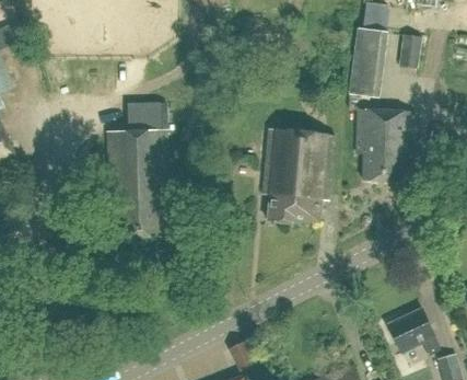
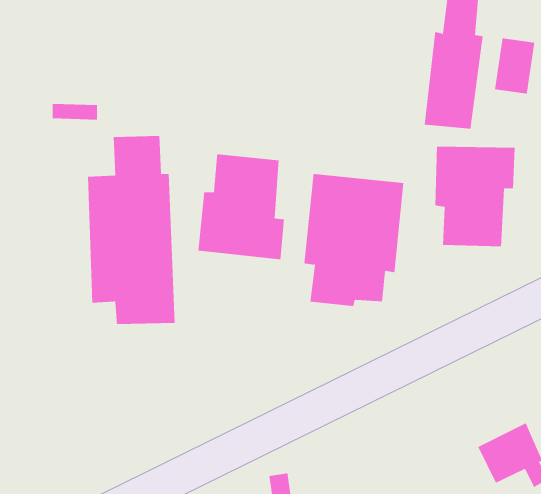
building: none -> [198,153,285,260]

